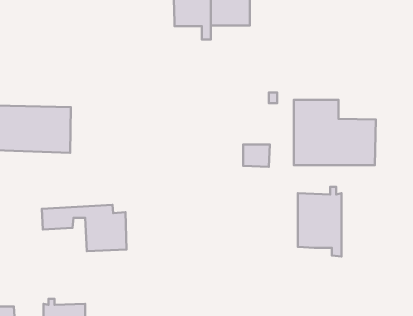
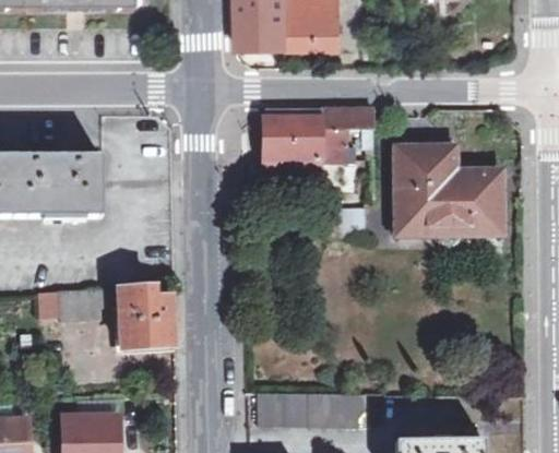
building: none -> [263,106,372,182]
building: [298,187,342,257] -> none
building: none -> [258,393,366,427]

